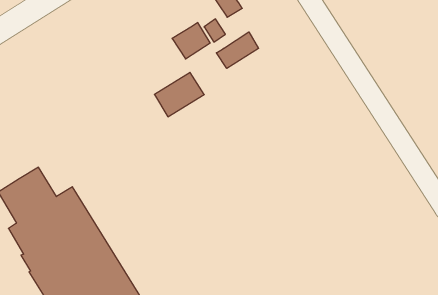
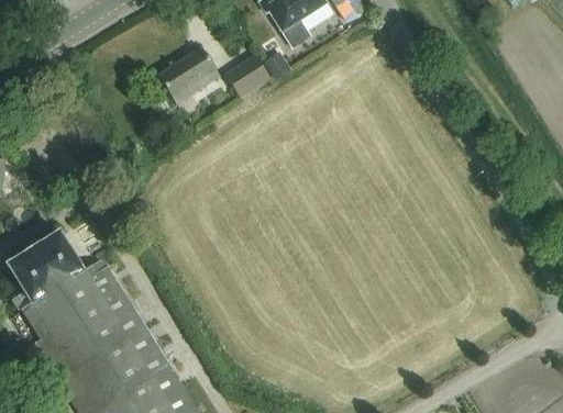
building: [216,32,259,68] -> none
building: [154,72,204,117] -> [159,48,221,103]

